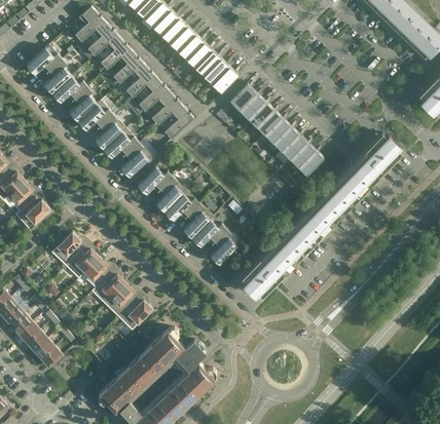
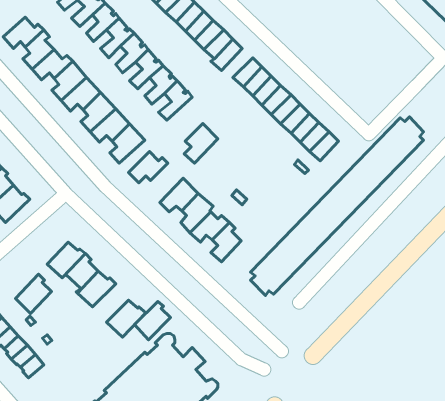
building: [155,177,185,211] -> [184,124,218,163]
building: [51,231,83,266] -> [15,274,51,314]
building: [105,283,137,317] -> [135,301,171,340]

